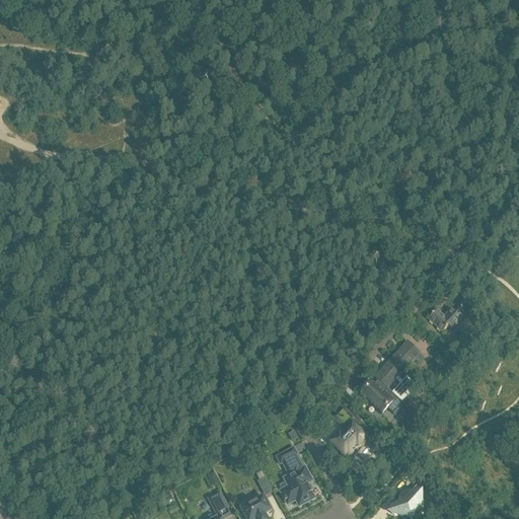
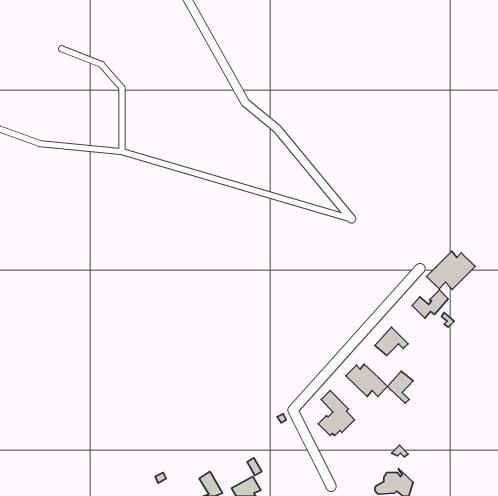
building: none -> [427,251,475,289]
building: [375,359,401,392] -> [388,371,413,403]
building: [276,446,313,504] -> none

